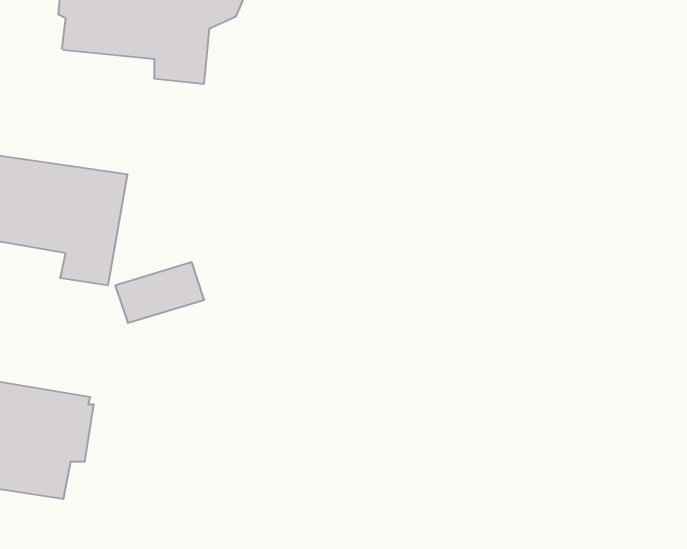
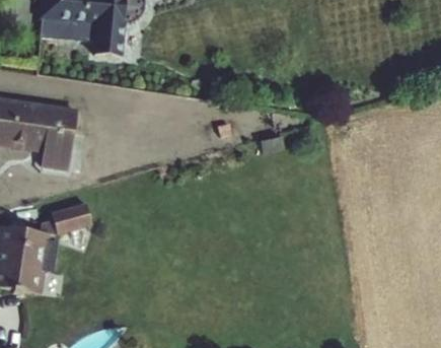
building: [115,262,204,323] -> [51,200,101,234]

